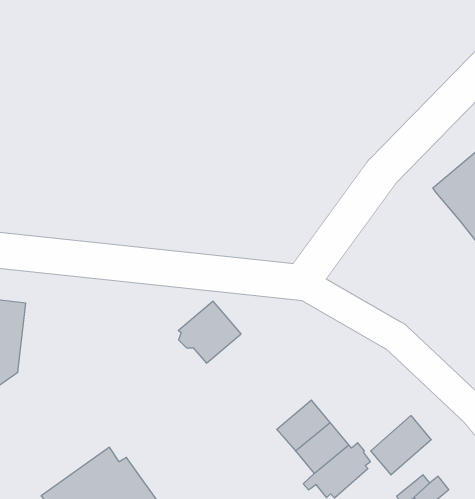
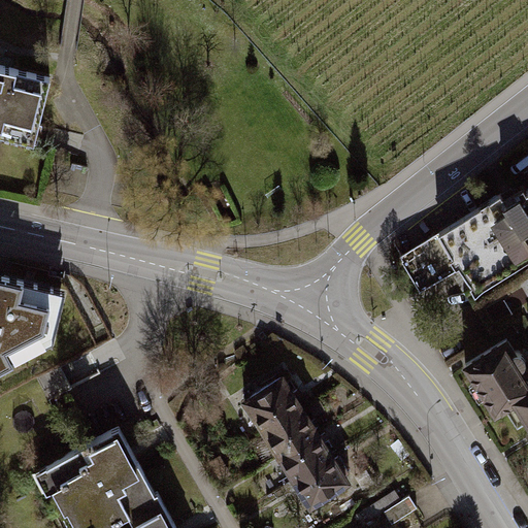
building: none -> [401,239,459,293]
building: [178,301,241,363] -> [244,381,302,436]
building: [371,416,431,475] -> none

